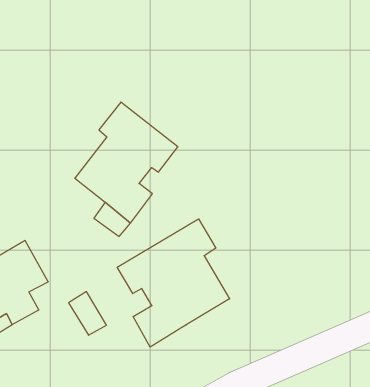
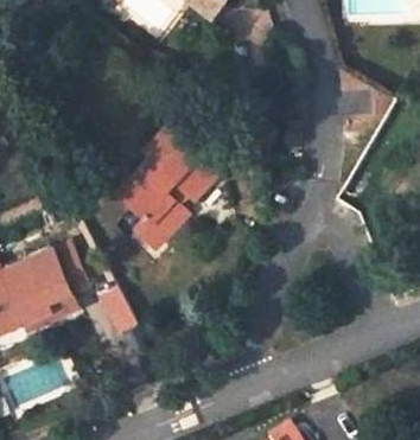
building: [117,219,230,347] -> none

